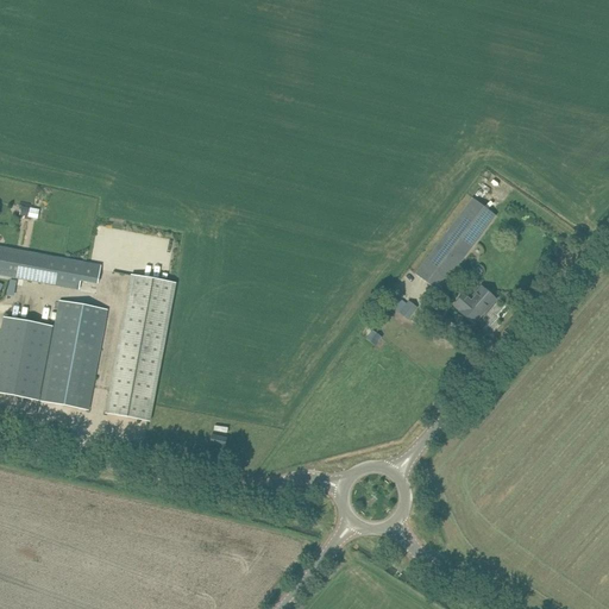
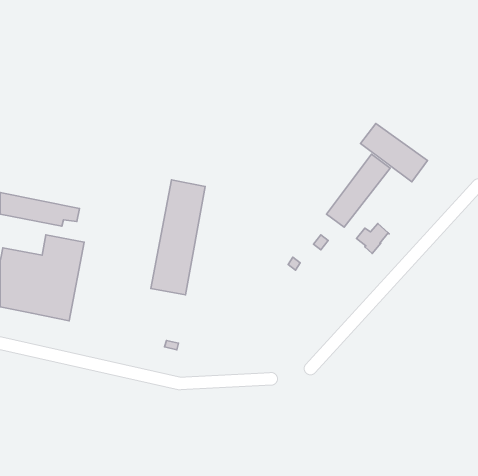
building: none -> [361,124,428,182]
building: [106,272,175,419] -> [151,180,205,295]

